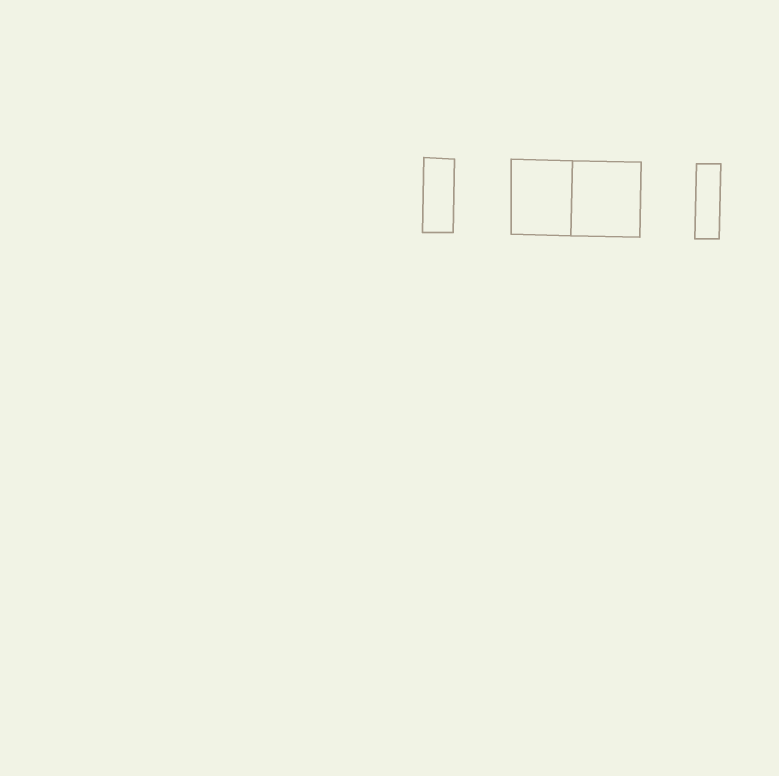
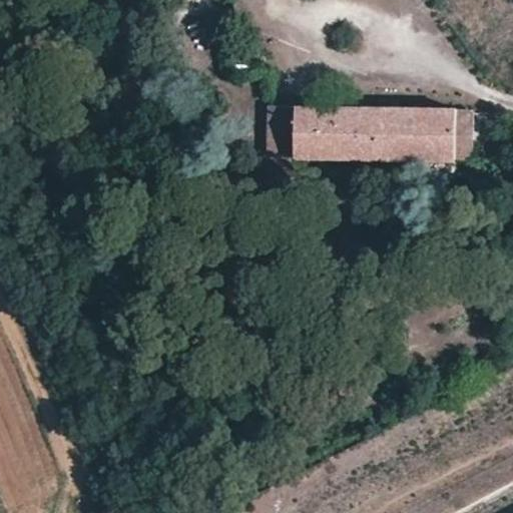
building: none -> [299,108,337,157]
building: none -> [421,110,458,160]

